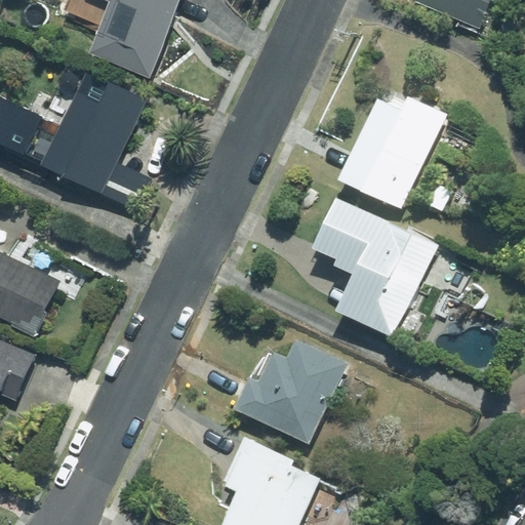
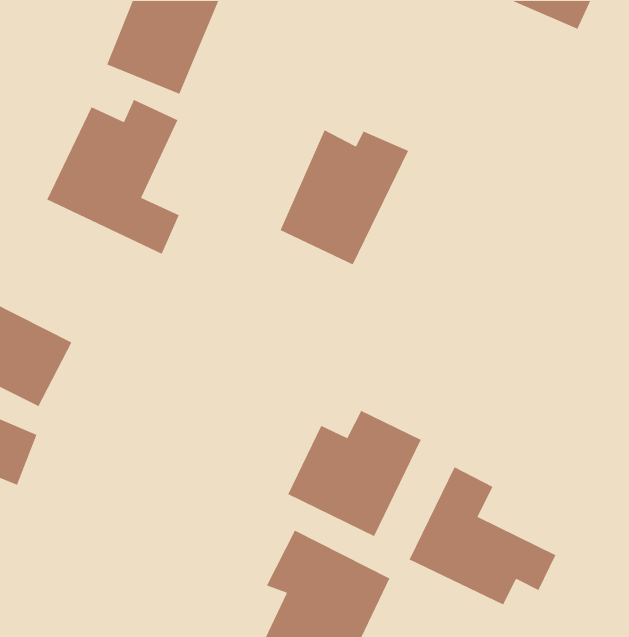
building: [340,95,447,207] -> [279,129,409,265]
building: [314,193,437,335] -> none
building: none -> [409,466,557,606]

